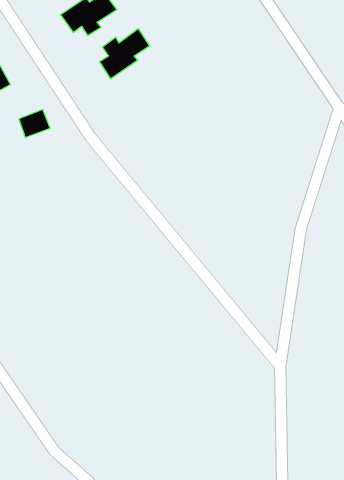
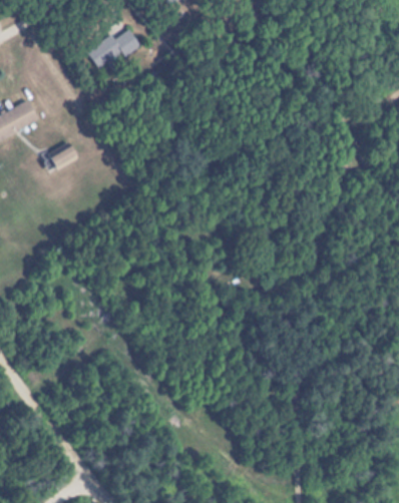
building: [100,29,150,79] -> none

